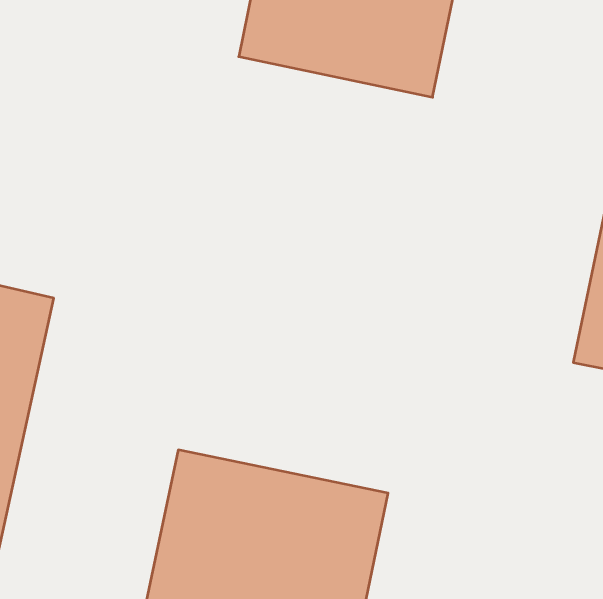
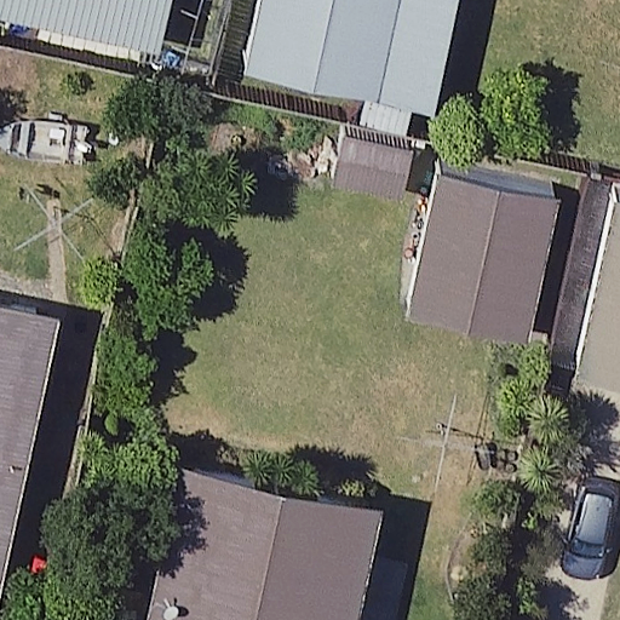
building: none -> [404,174,562,343]

